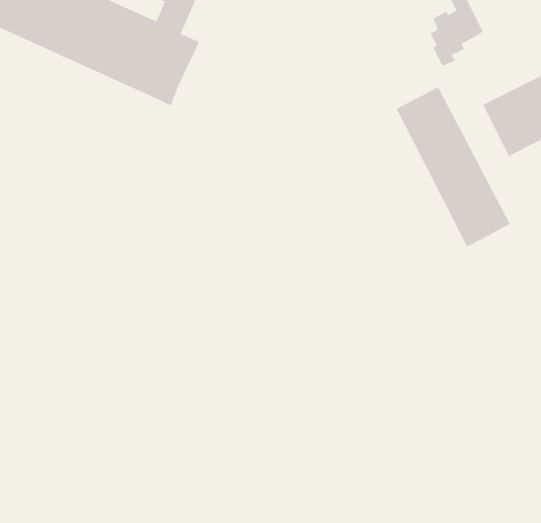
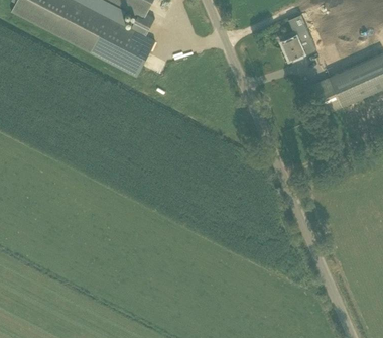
building: [396,86,511,248] -> none

